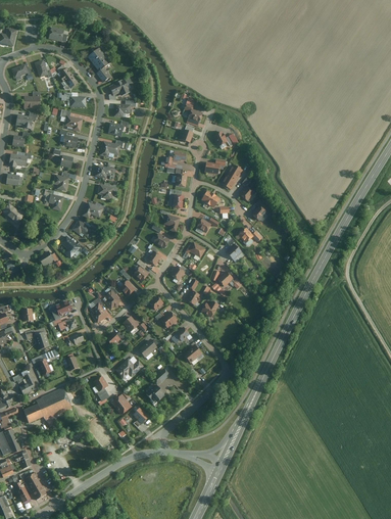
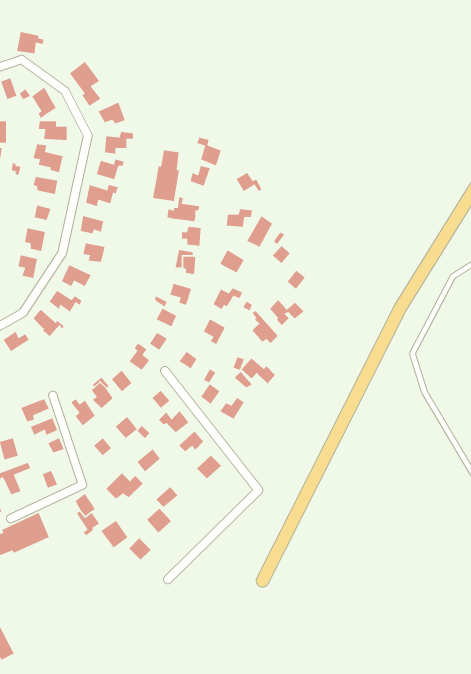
building: none -> [152,149,180,202]

